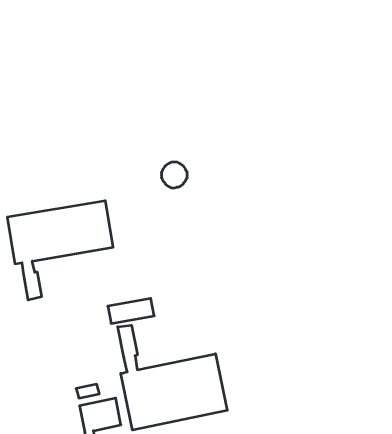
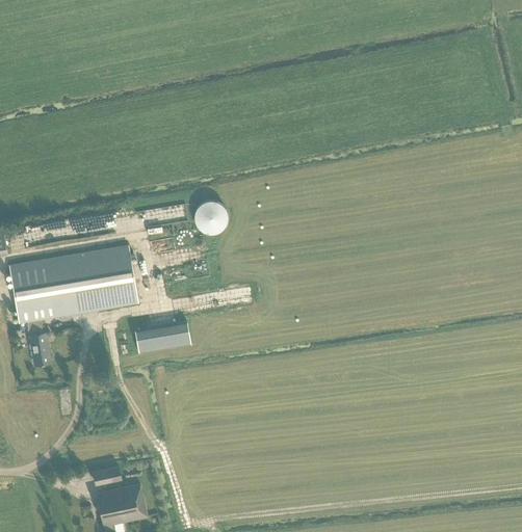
building: [108,298,154,323] -> [134,322,190,352]
building: [118,325,227,430] -> none

